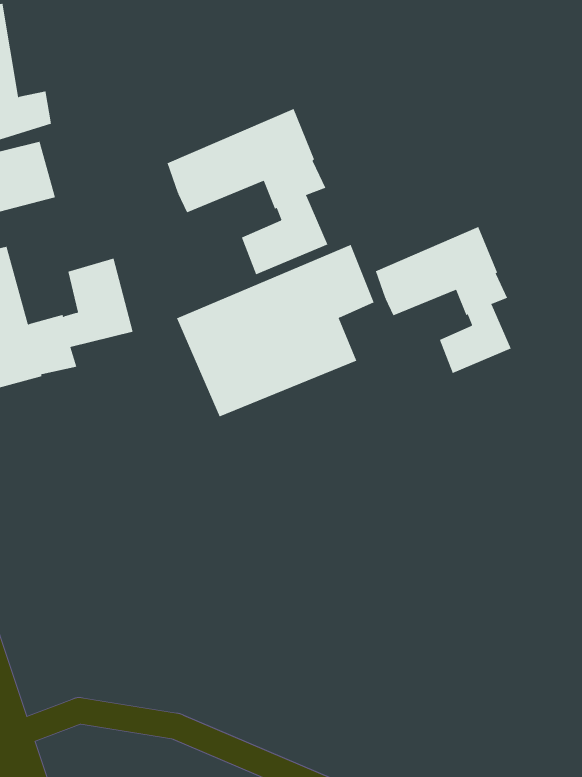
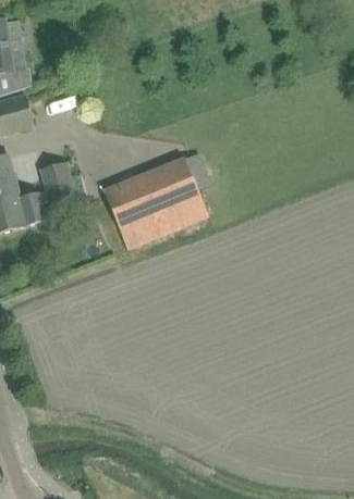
building: [167,108,328,275] -> none
building: [375,226,512,374] -> none

